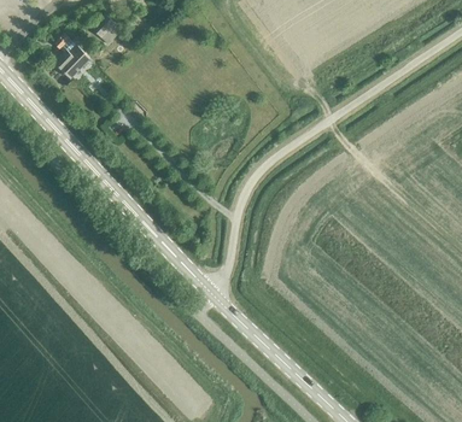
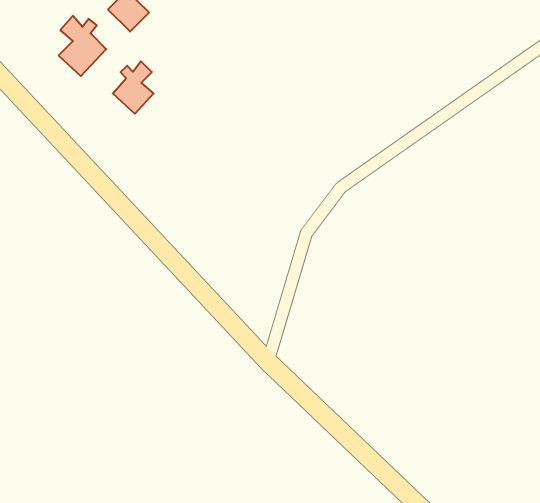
building: none -> [113,61,154,114]

